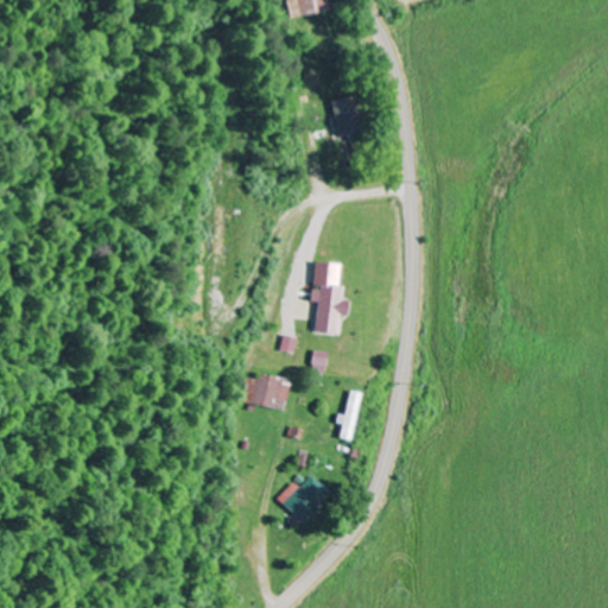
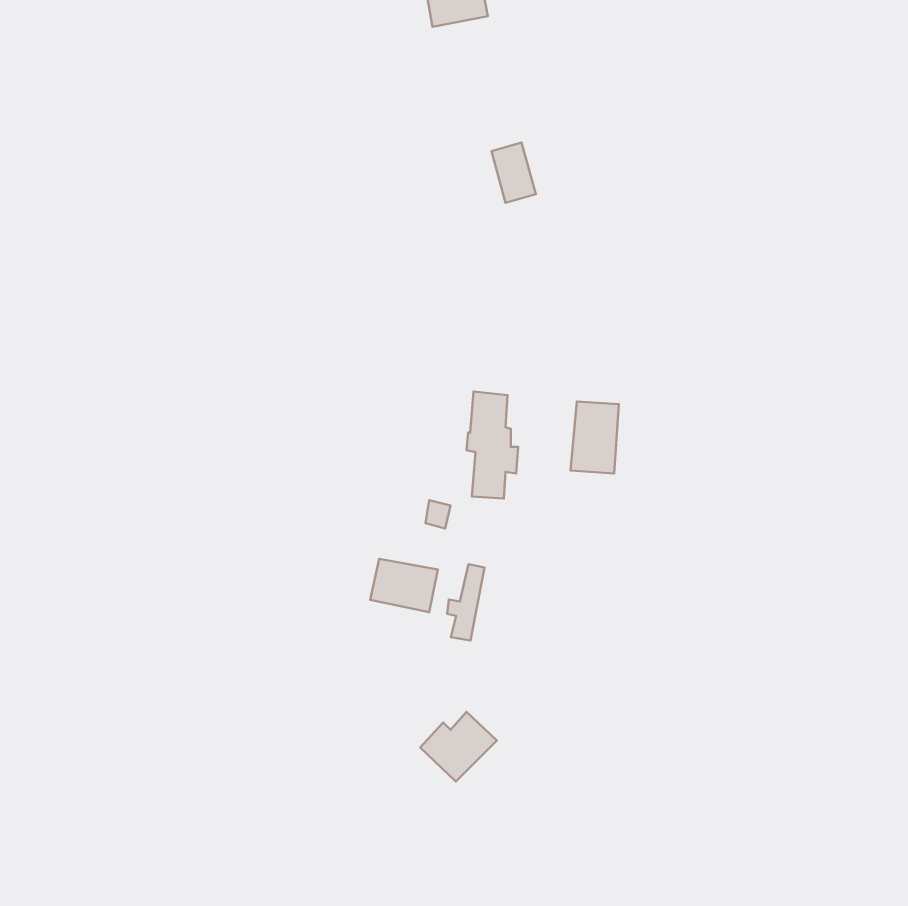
building: none -> [571,402,619,474]
building: [336,390,361,441] -> [447,564,485,641]

